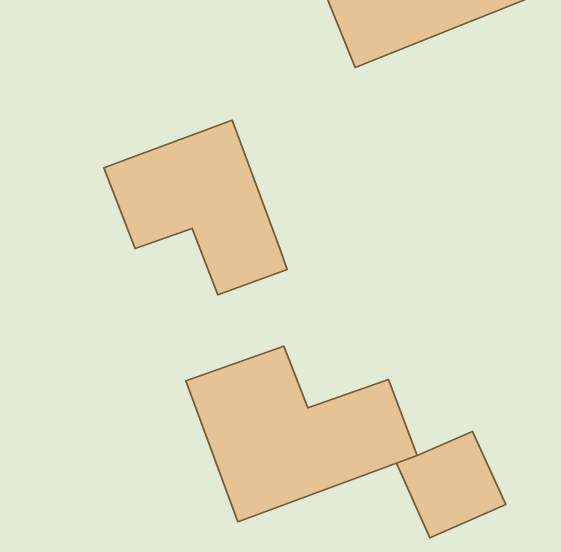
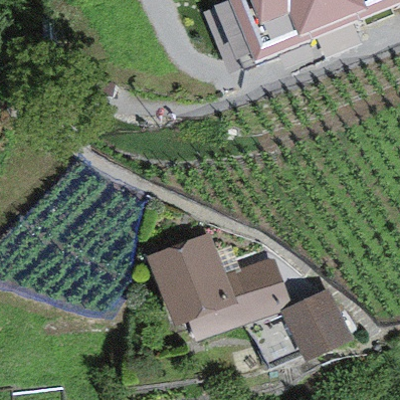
building: [104,120,287,295] -> none

